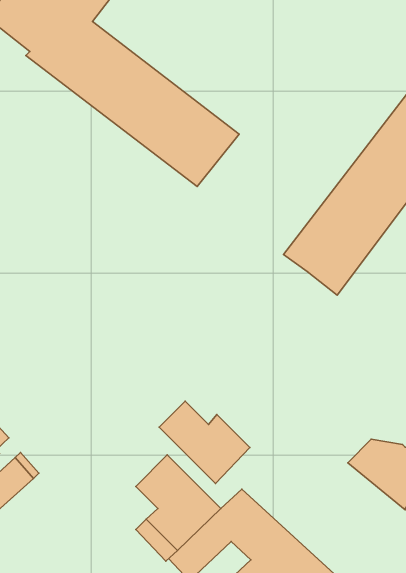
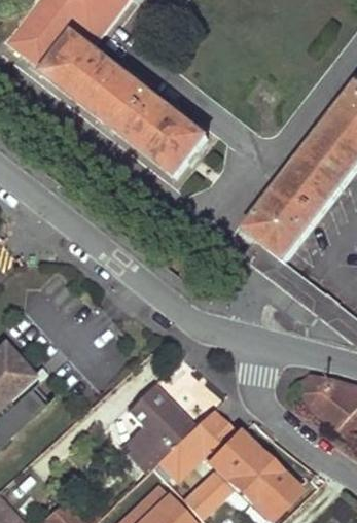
building: [159,401,250,483] -> none

